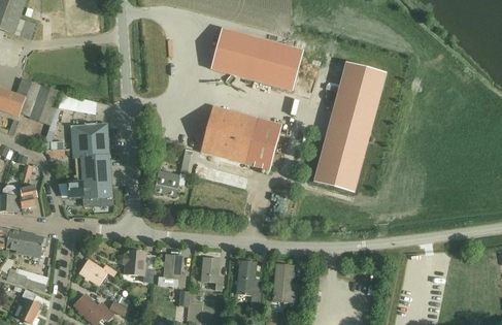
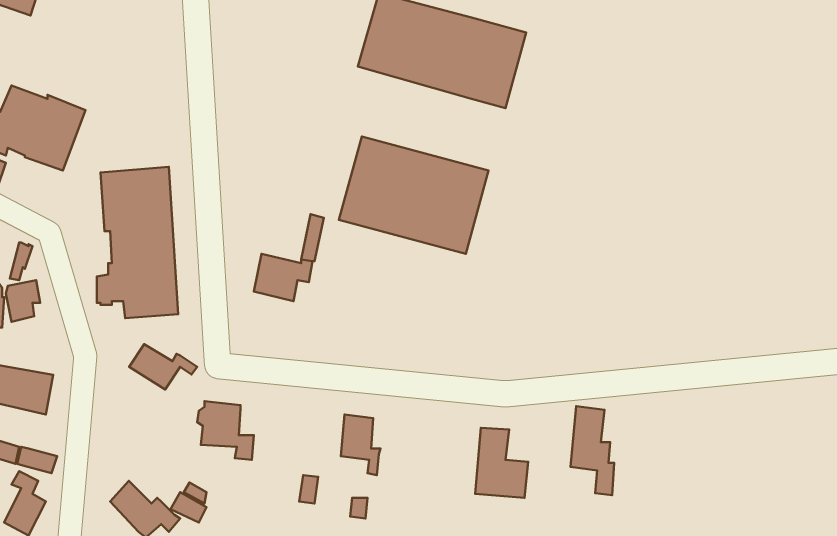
building: [314,62,387,192] -> none
building: [158,254,185,287] -> none
building: [79,260,116,285] -> [129,344,197,390]
building: [237,261,261,310] -> [571,406,614,495]

